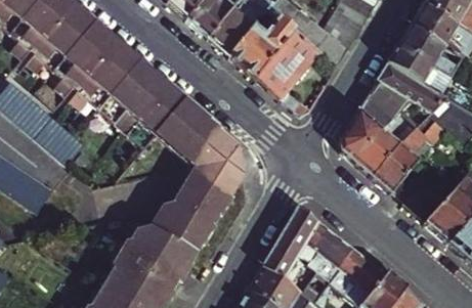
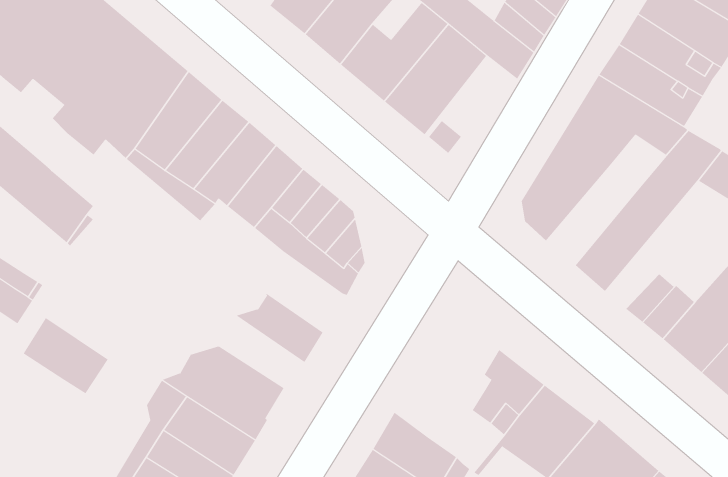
building: [356,114,413,175] -> none
building: [185,167,232,216] -> none
building: [158,206,210,251] -> none
building: [264,206,328,279] -> none
building: none -> [23,317,109,394]

